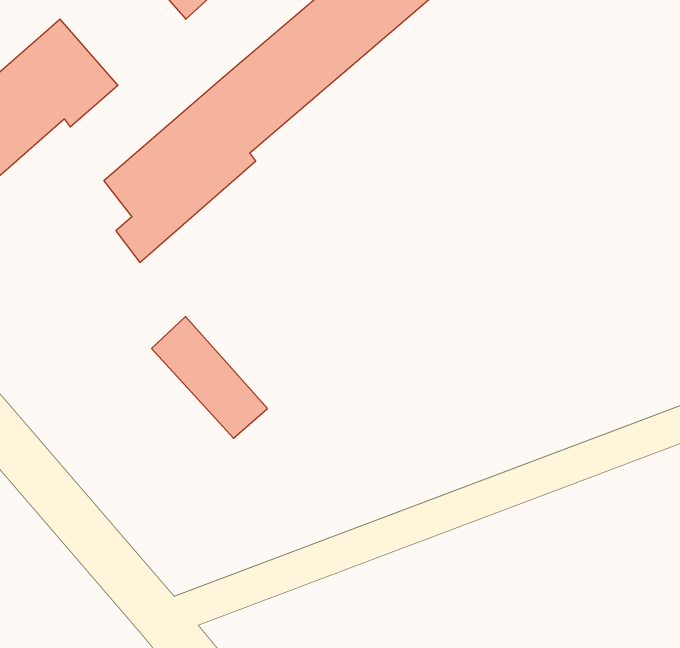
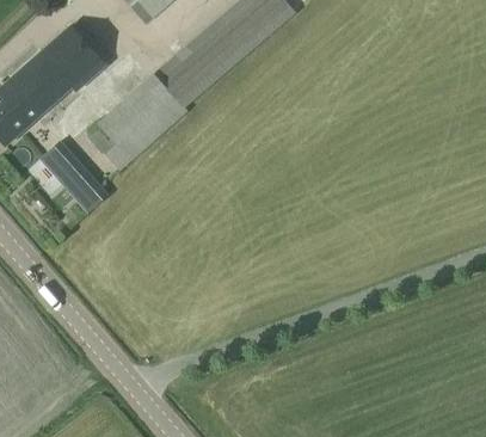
building: [152,317,267,438] -> [39,140,109,213]

